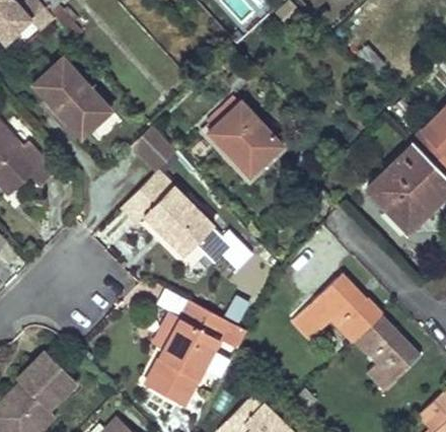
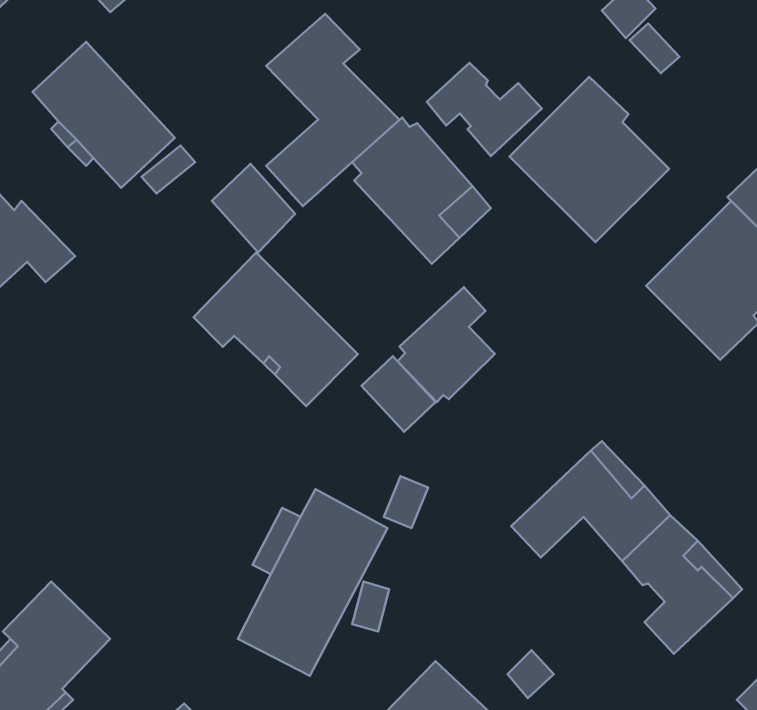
building: none -> [266,14,400,206]
building: none -> [427,63,542,156]
building: none -> [510,77,669,242]
building: none -> [398,287,495,402]

